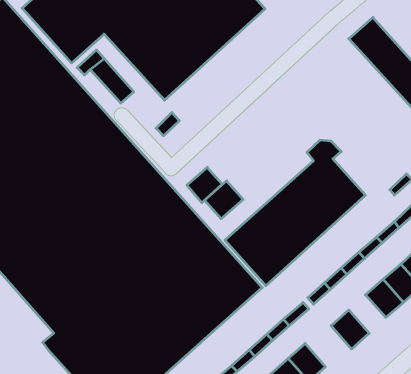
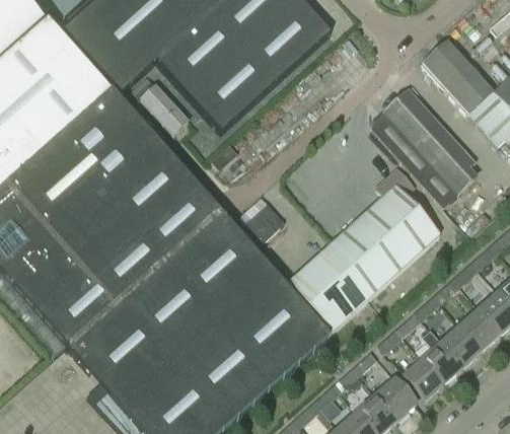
building: none -> [371,87,476,207]
building: [205,181,243,219] -> none
building: none -> [422,331,462,383]
building: none -> [374,378,416,420]

